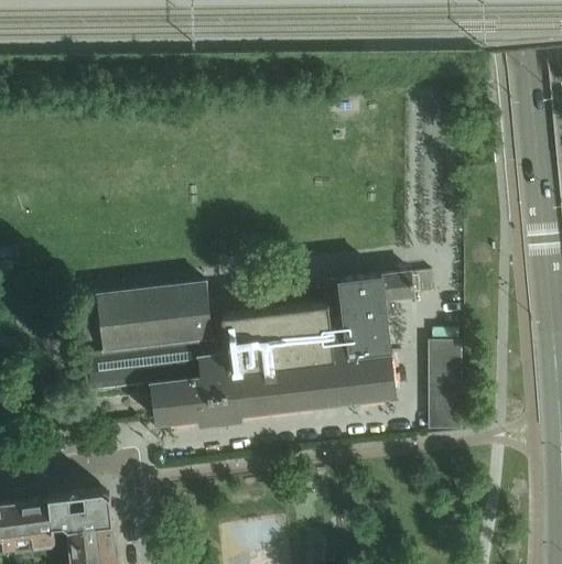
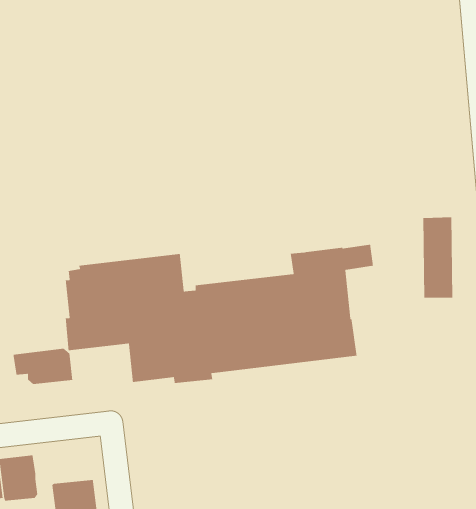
building: [431,346,464,434] -> [422,217,453,298]
building: [47,494,112,533] -> [13,348,73,385]

